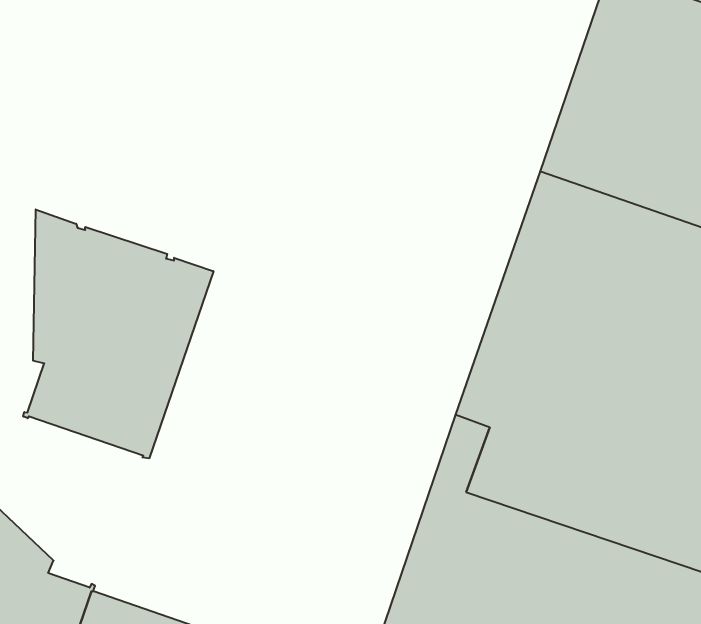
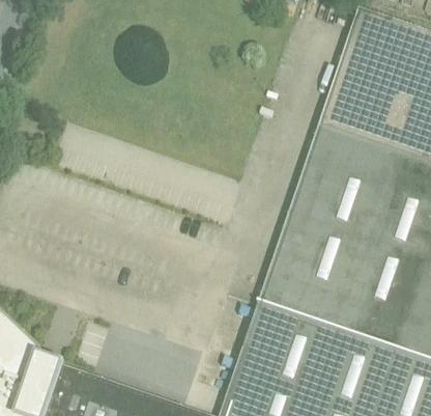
building: [23,209,213,458] -> none

